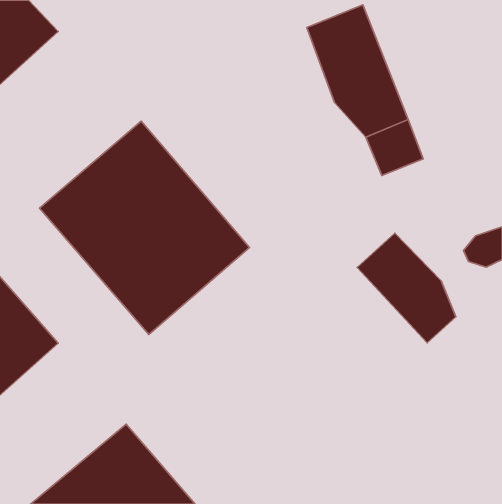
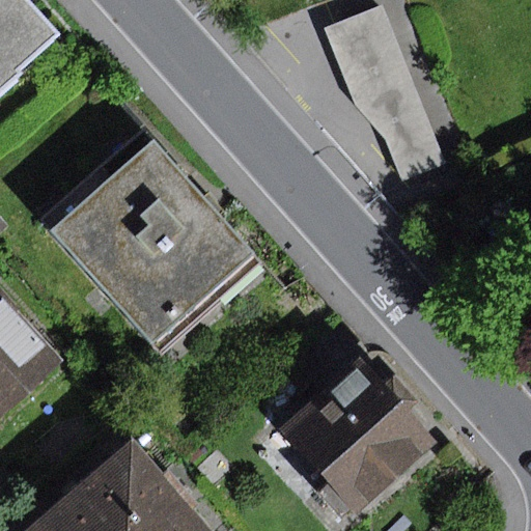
building: [357,233,456,343] -> none
building: none -> [279,357,437,525]

